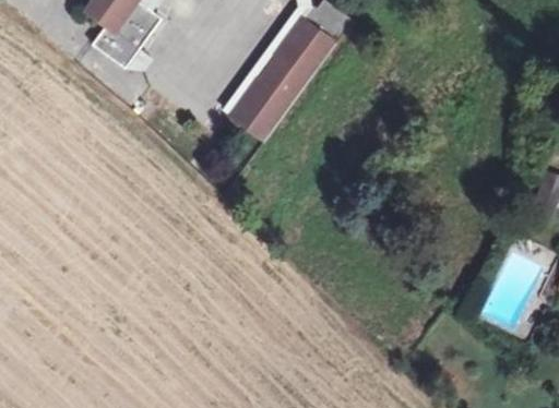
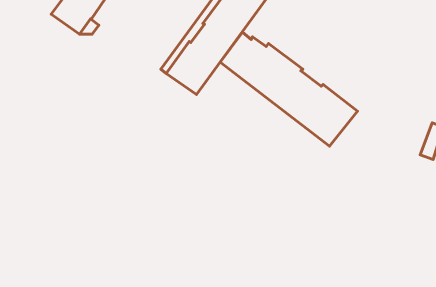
building: none -> [220,32,357,146]

